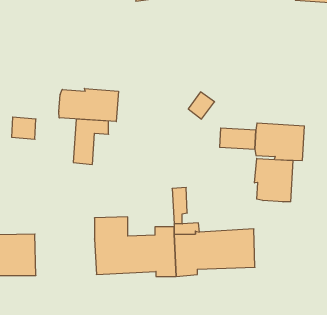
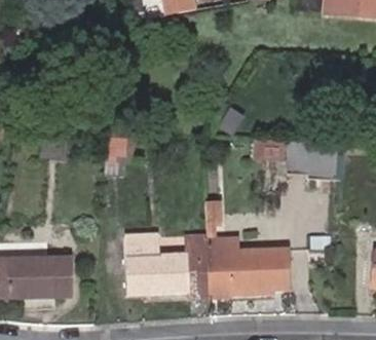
building: [59,88,118,122] -> none
building: [255,158,293,202] -> none

